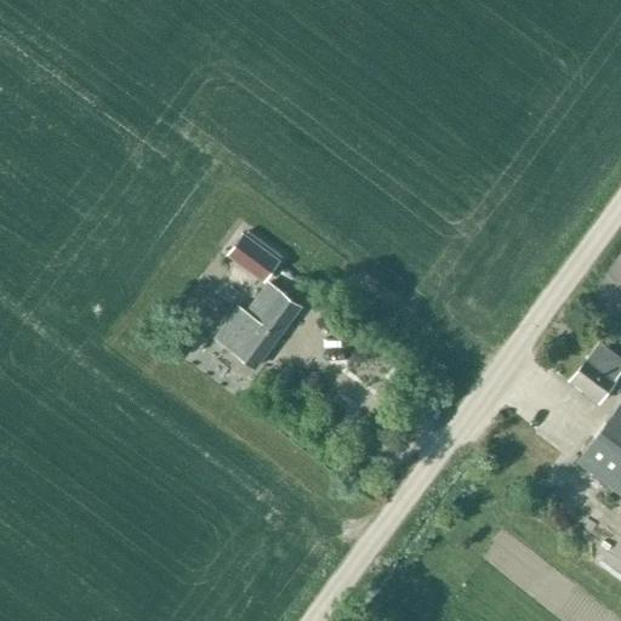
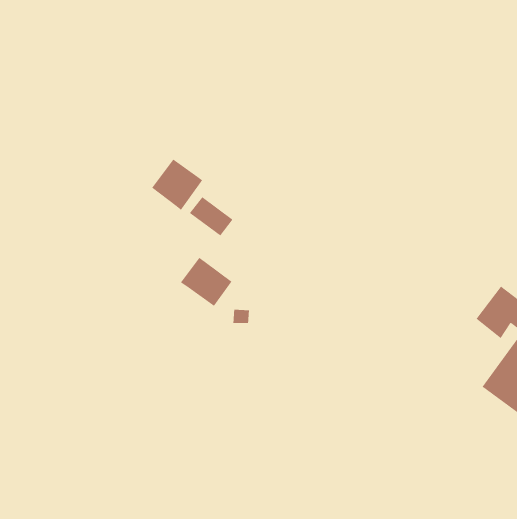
building: none -> [151,158,203,211]
building: [247,283,302,336] -> none

